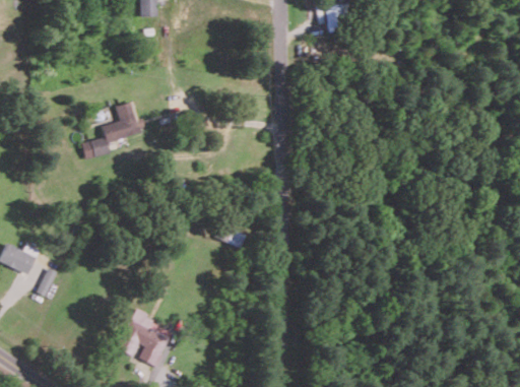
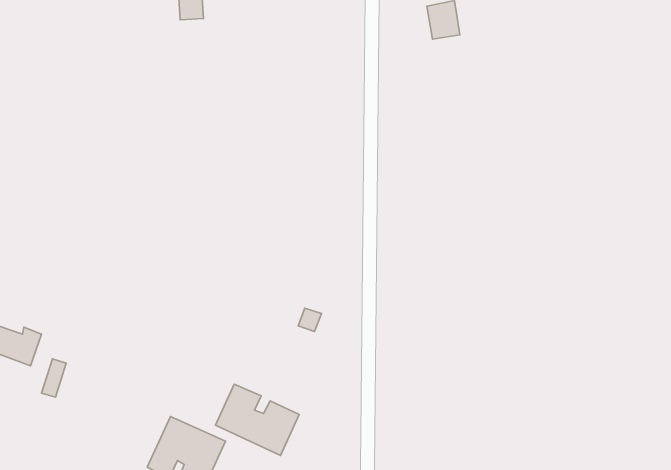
building: [80,102,142,159] -> none
building: none -> [215,384,299,456]

